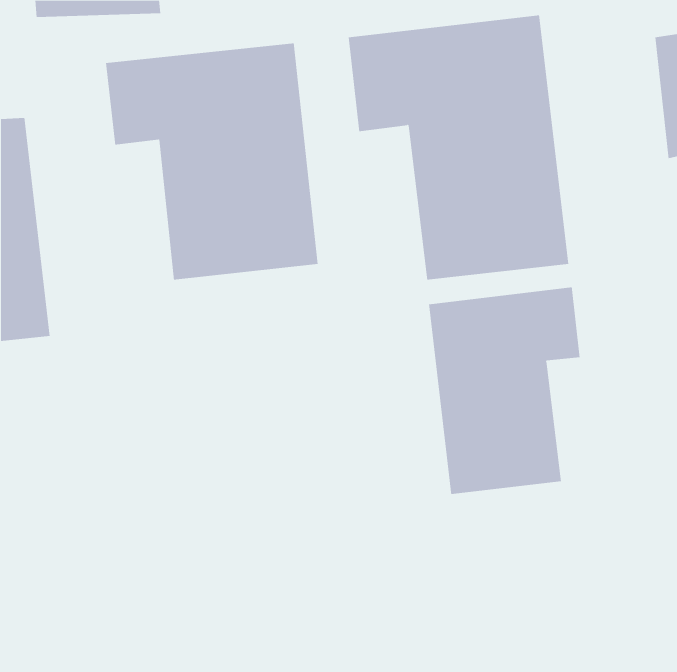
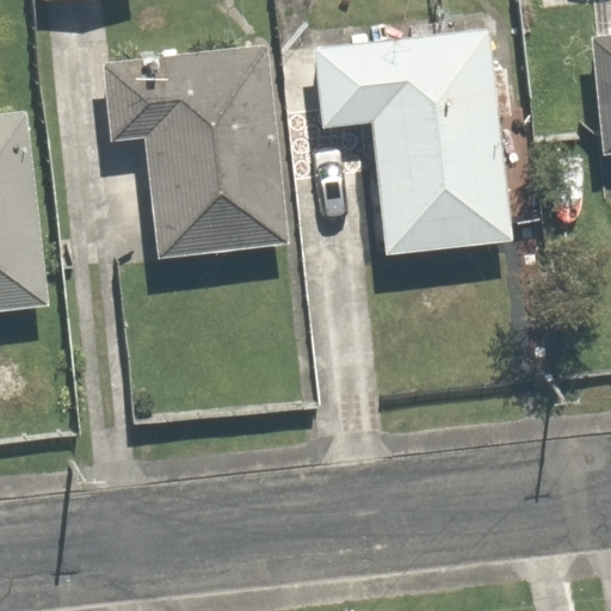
building: [428,286,580,495] -> none

